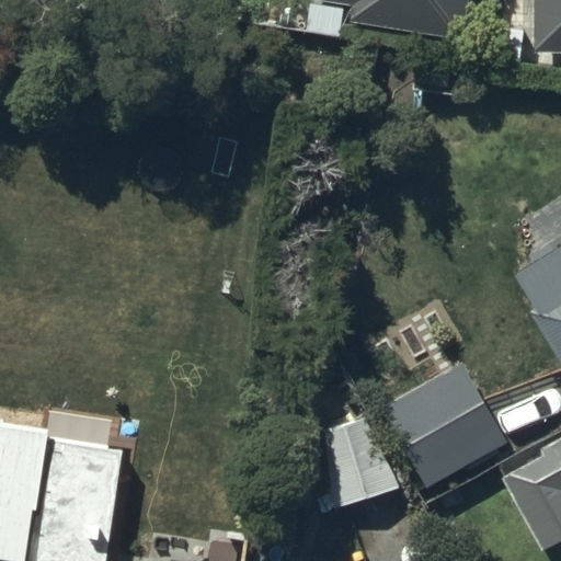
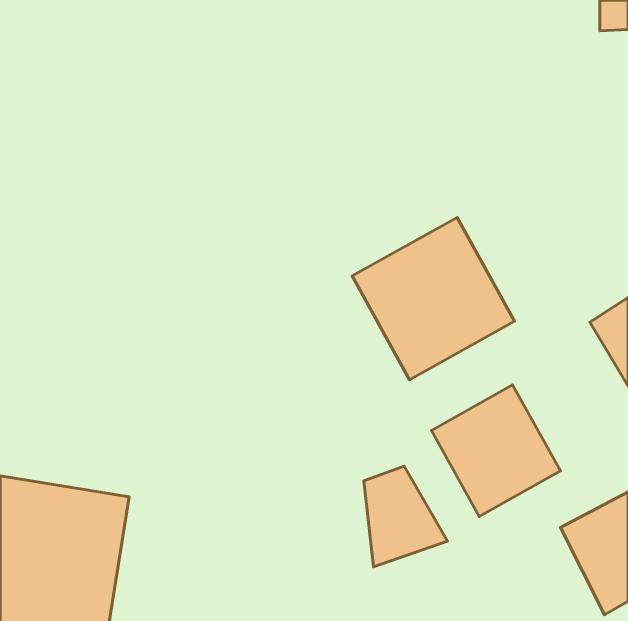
building: none -> [352,217,515,380]

